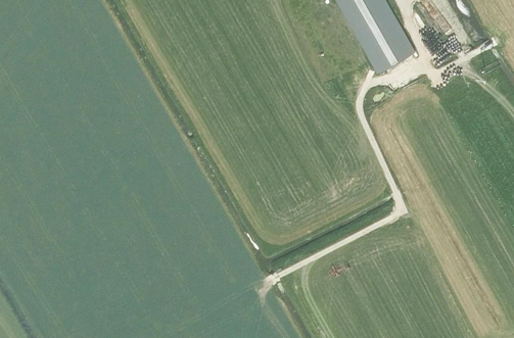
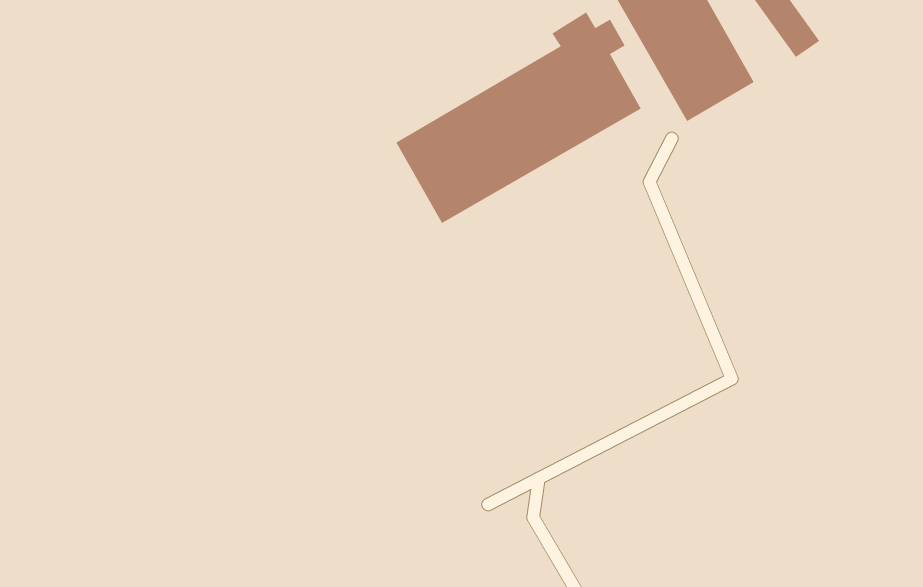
building: none -> [396,12,642,224]

